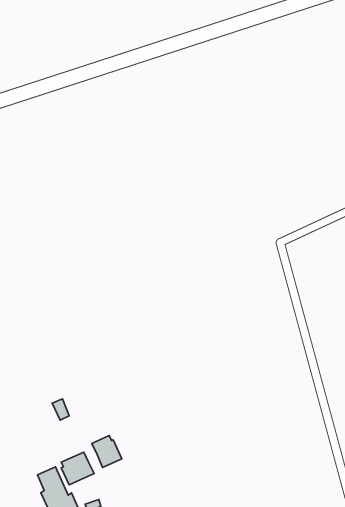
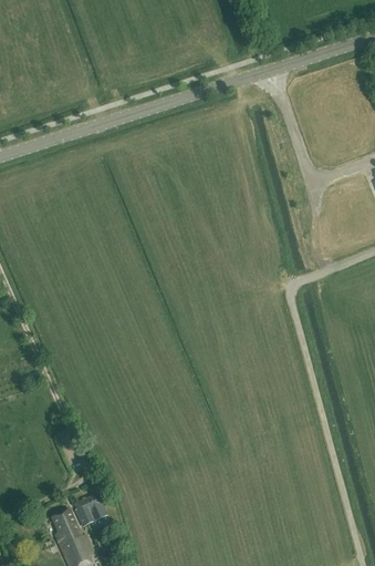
building: [92,435,122,468] -> none

